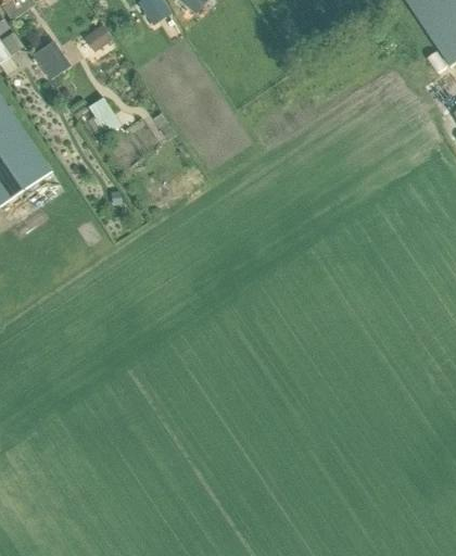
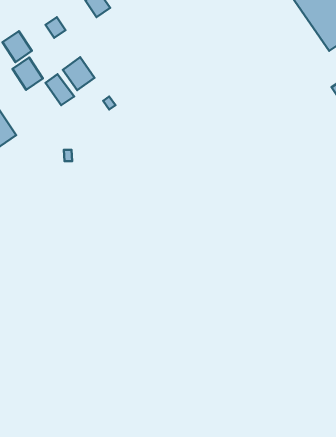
building: none -> [63,57,94,90]
building: none -> [13,58,43,90]

